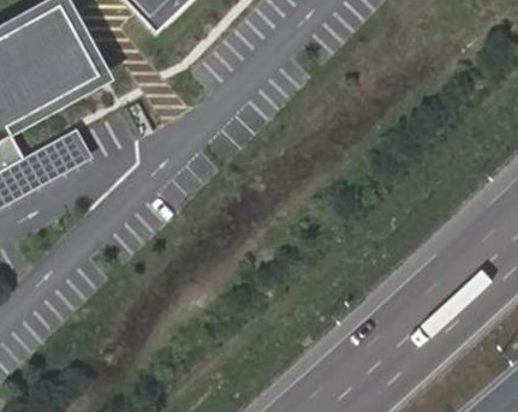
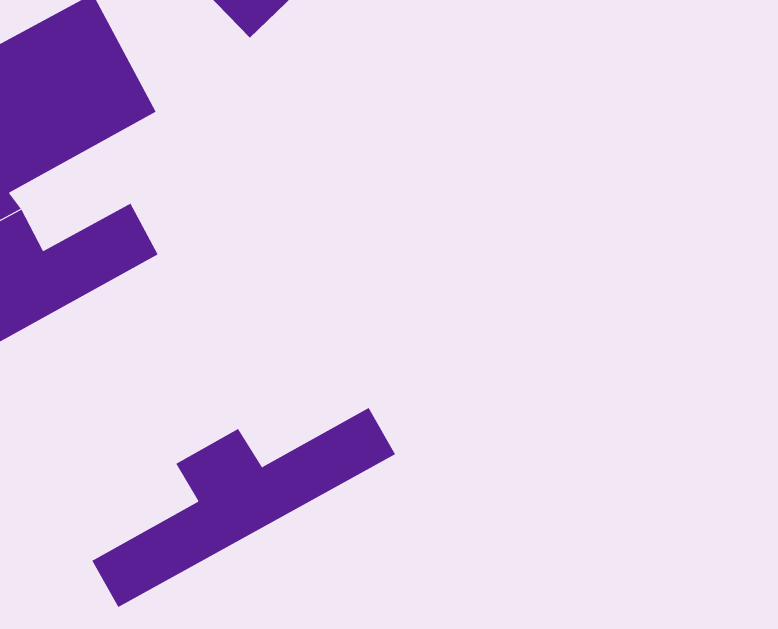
building: none -> [91,407,396,608]

